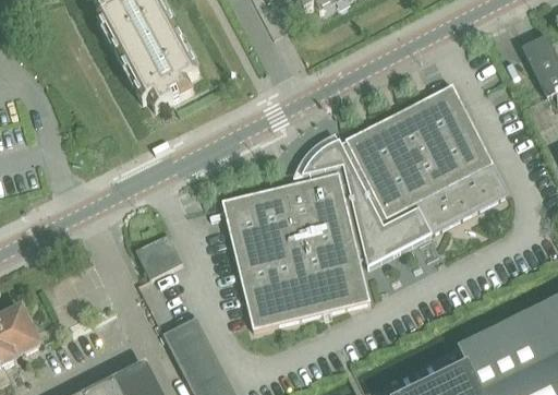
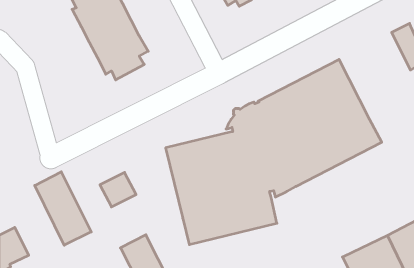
building: none -> [35,172,91,245]

